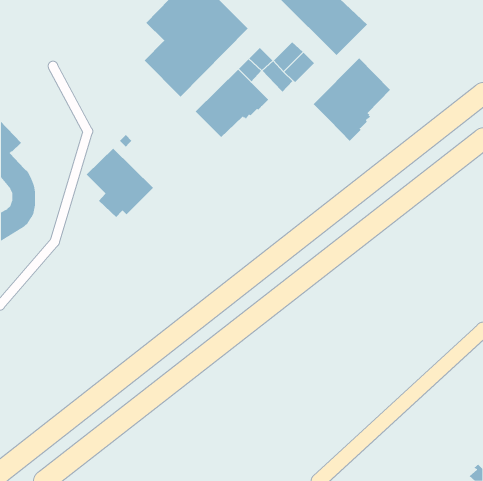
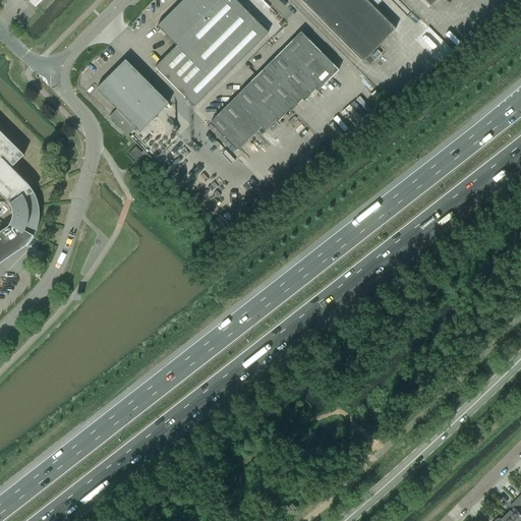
building: none -> [280,31,314,65]
building: [313,58,391,142] -> none
building: none -> [271,76,302,109]
building: [86,148,154,218] -> [96,58,169,133]

